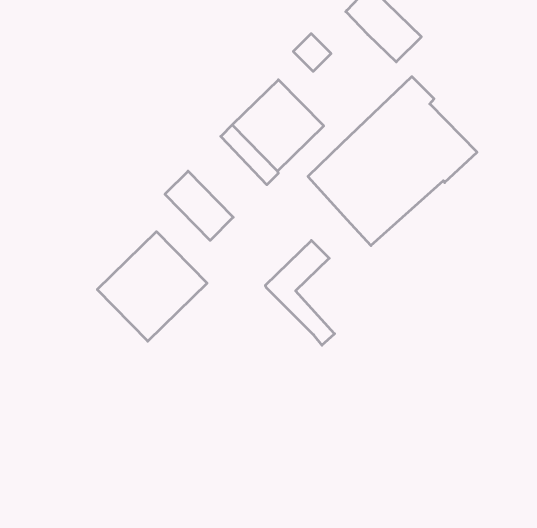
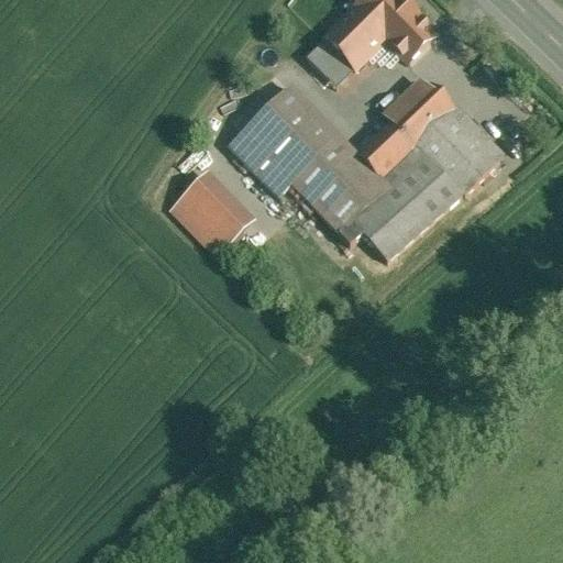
building: none -> [325,4,385,65]
building: [97,232,207,341] -> none
building: [265,240,335,345] -> [290,132,363,242]

